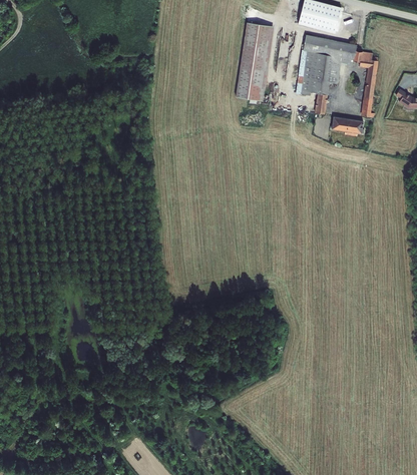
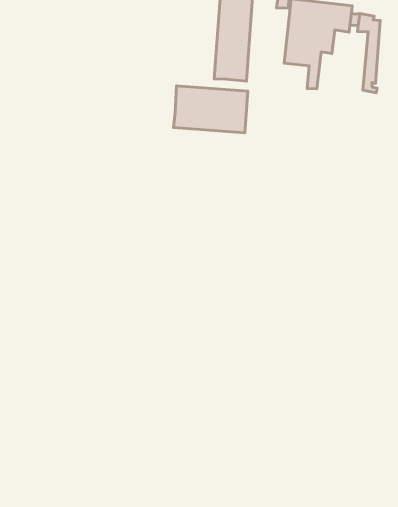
building: none -> [173,86,248,133]
building: [327,115,362,136] -> none

